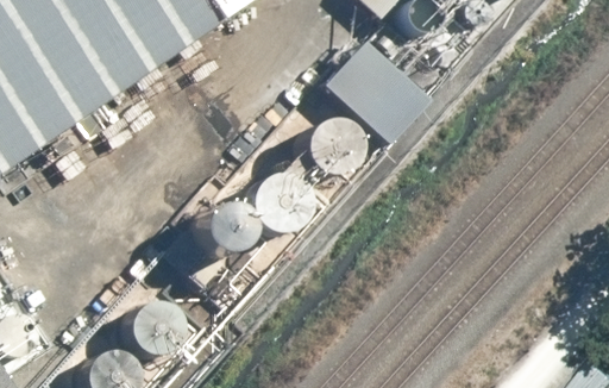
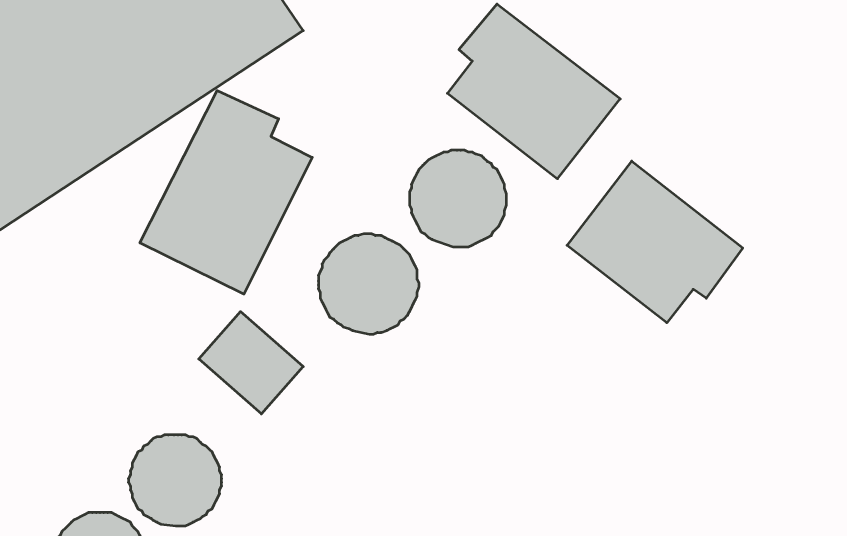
building: none -> [140,91,312,294]
building: none -> [567,161,743,323]

